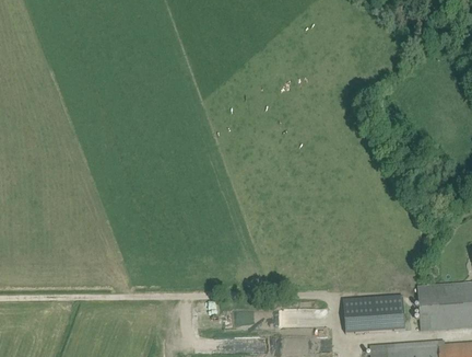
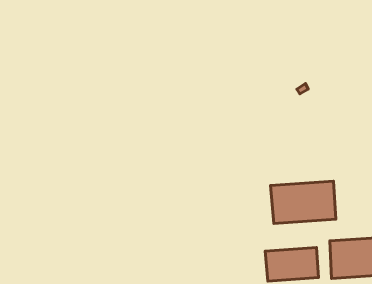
building: none -> [270,181,336,223]

